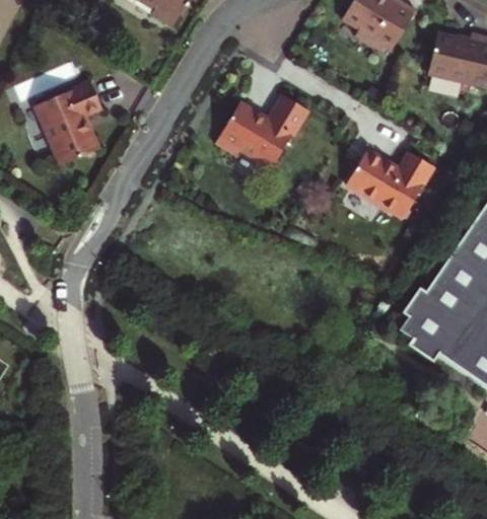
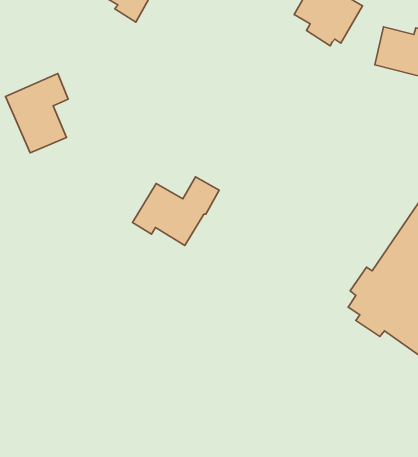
building: [216,95,308,168] -> [133,177,219,245]
building: [347,149,434,218] -> none

